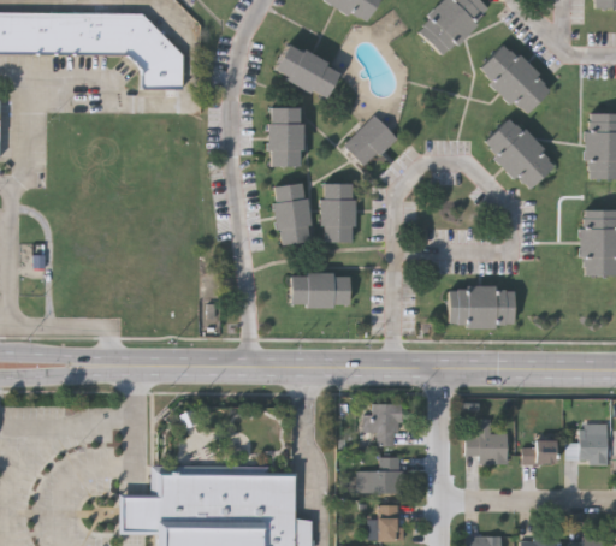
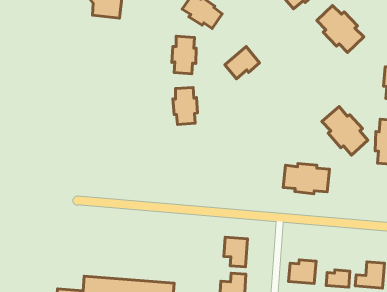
building: [485,118,556,189] -> [322,107,368,155]
building: [321,184,356,238] -> none
building: [295,273,349,309] -> none

